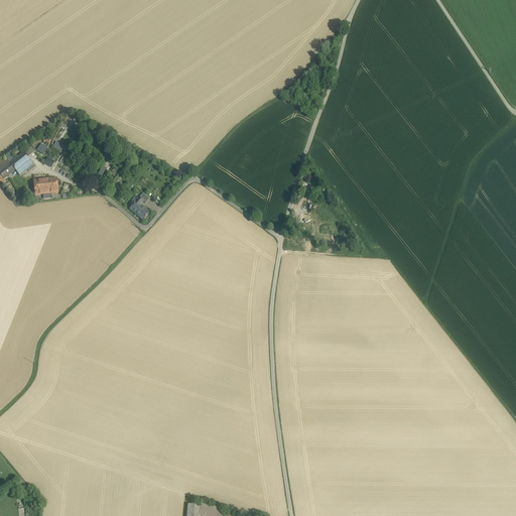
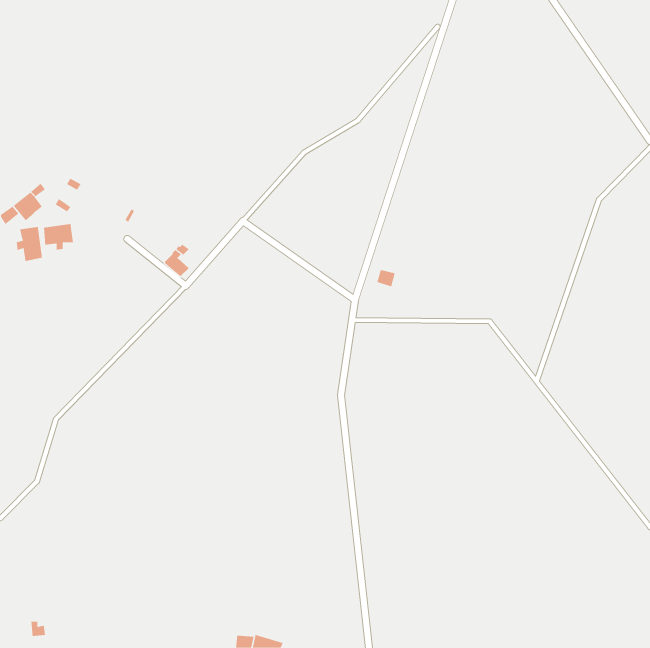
building: none -> [16,226,42,262]

